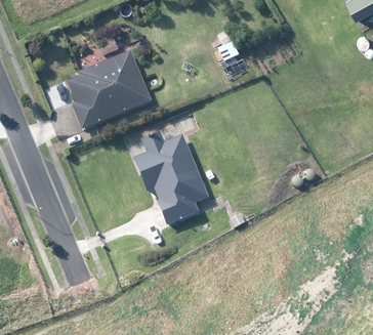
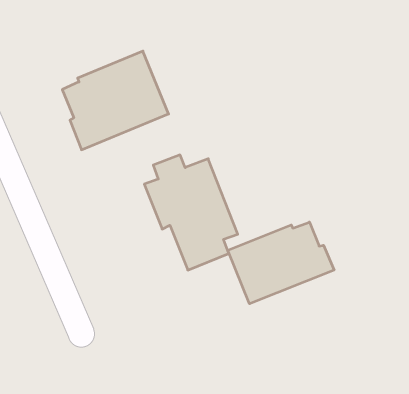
building: none -> [228,222,334,304]

